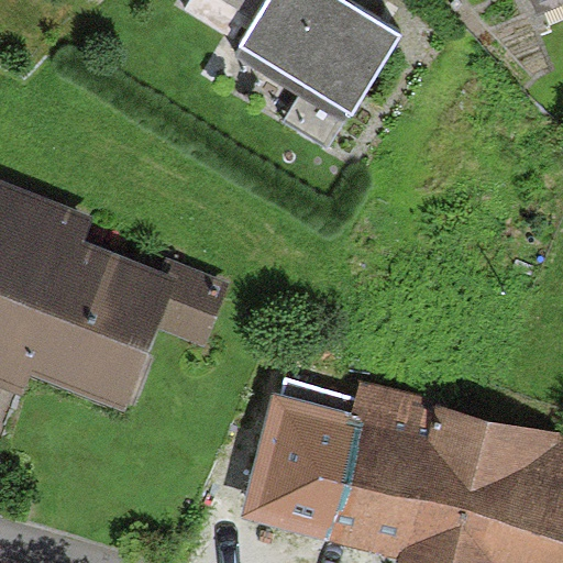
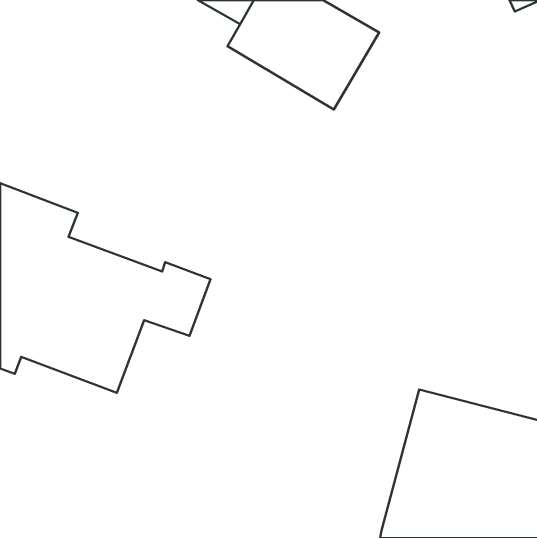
building: [243,382,441,555] -> none

